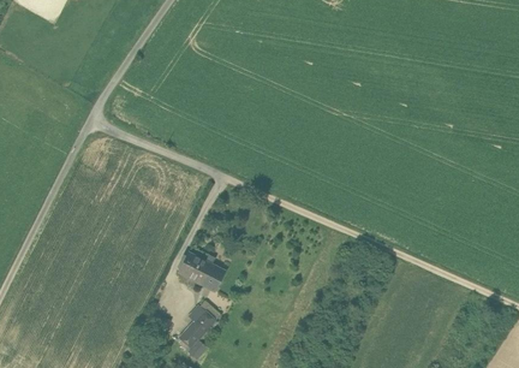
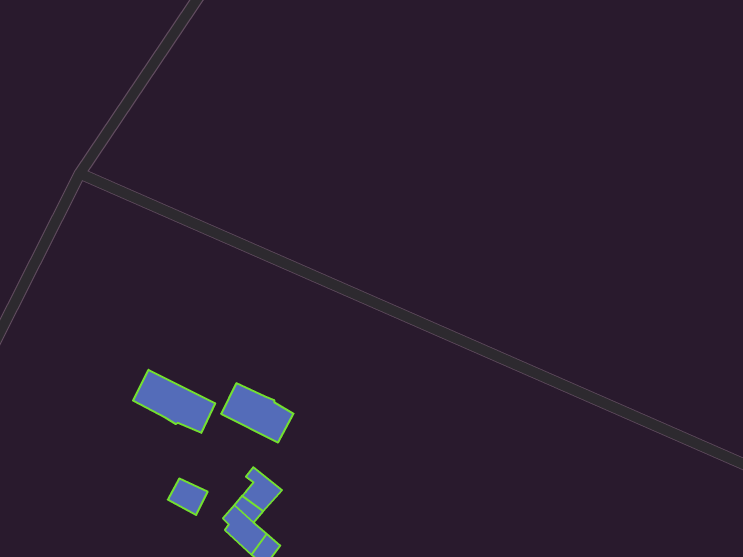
building: none -> [133,370,215,433]

